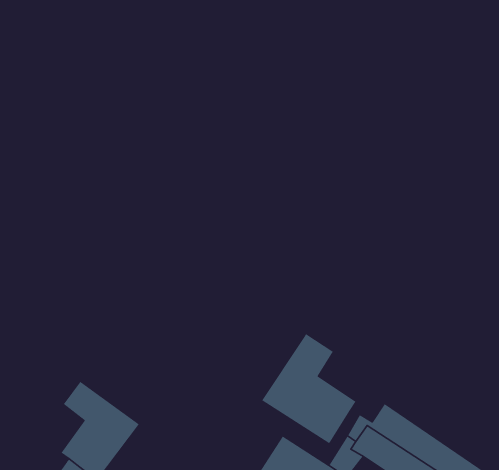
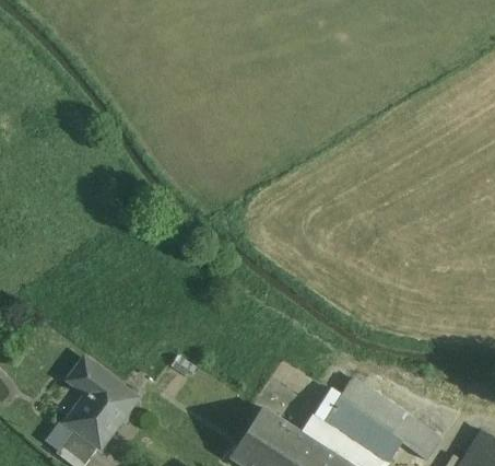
building: [261,333,357,444] -> none

